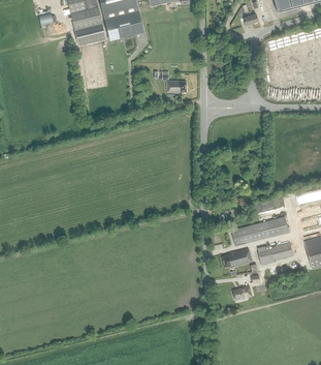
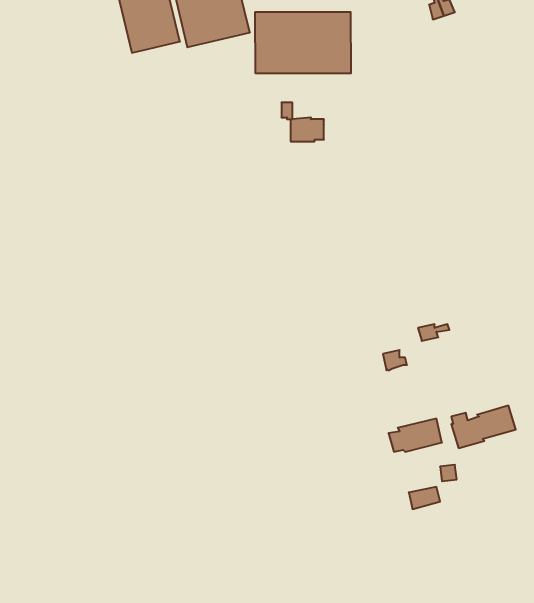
building: none -> [255,12,351,73]
building: [231,216,289,245] -> none

